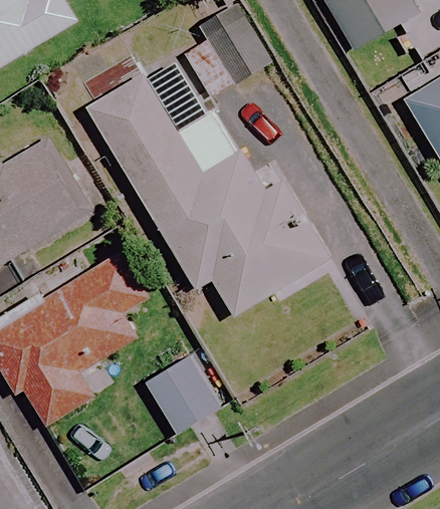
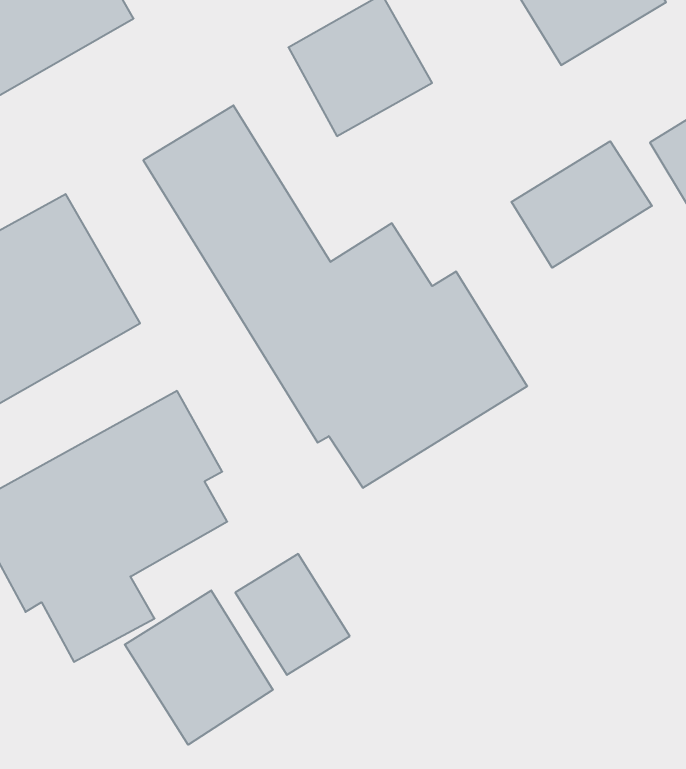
building: none -> [511,141,652,268]
building: none -> [125,590,273,745]

